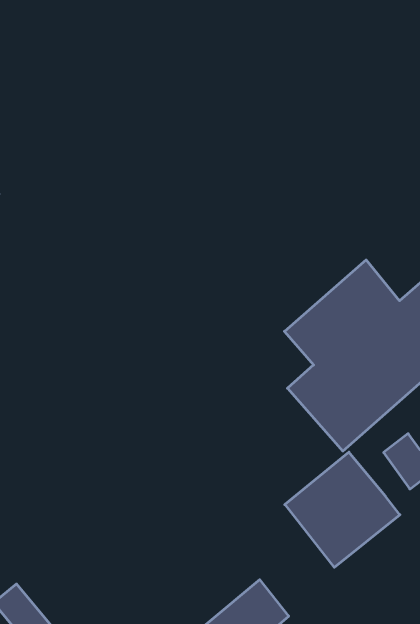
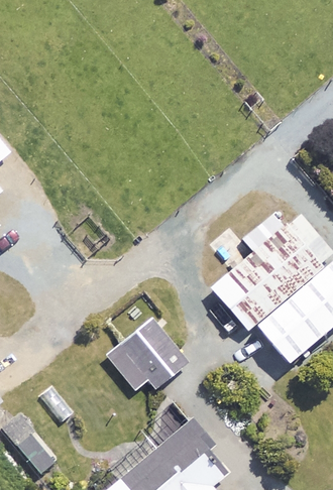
building: [285,452,400,567] -> [107,320,187,399]

